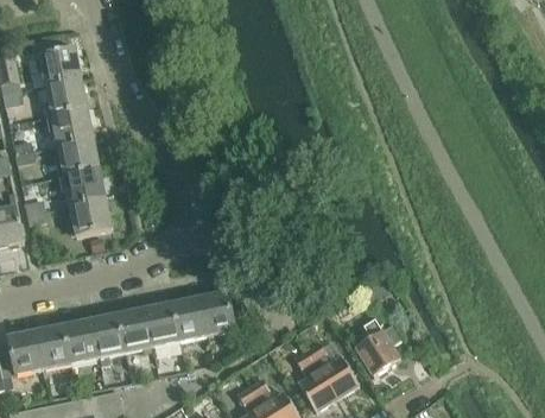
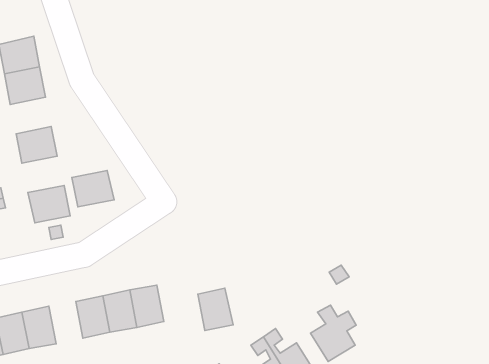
building: [50,108,91,145] -> none
building: [62,167,104,204] -> [72,170,114,207]
building: [198,292,234,335] -> [198,288,233,331]
building: [89,315,123,357] -> none

